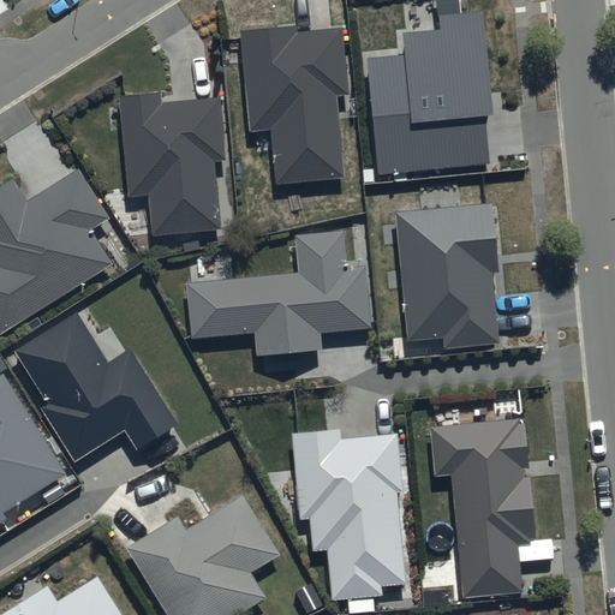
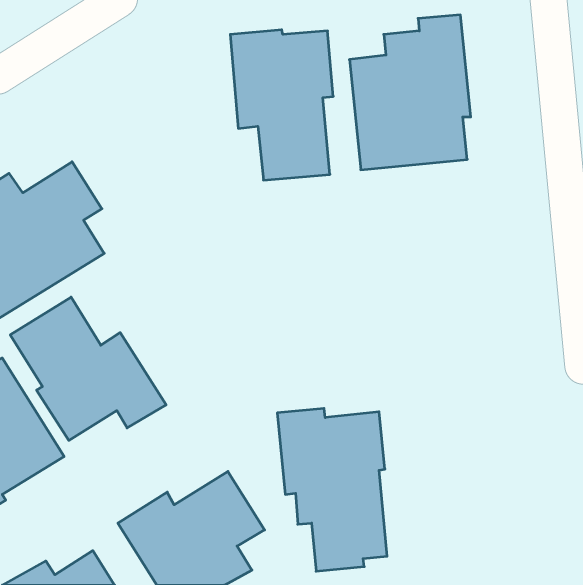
building: [118,95,225,237] -> none
building: [394,204,500,350] -> none
building: [185,231,371,356] -> none
building: [430,422,536,601] -> none

